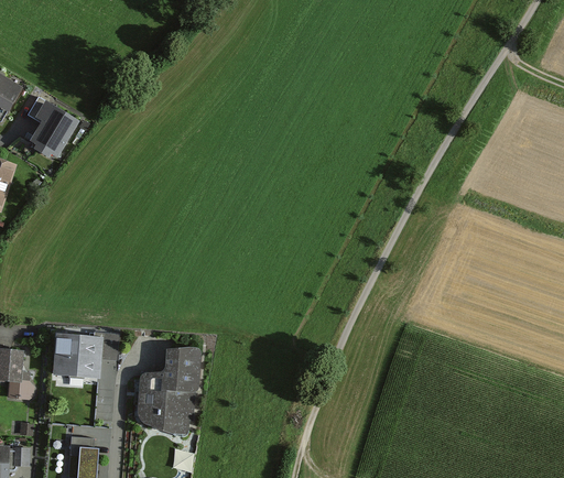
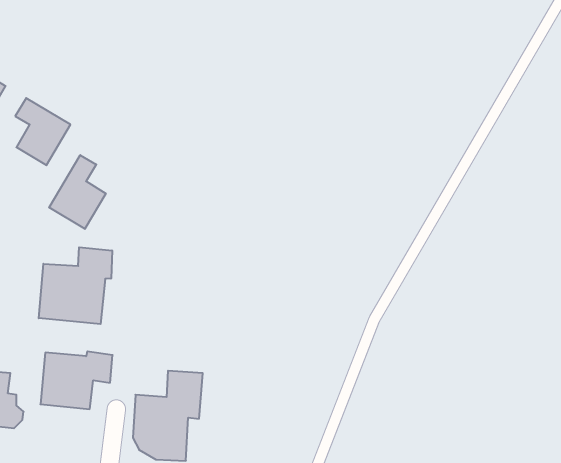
building: none -> [49,155,106,229]
building: none -> [39,247,112,324]

